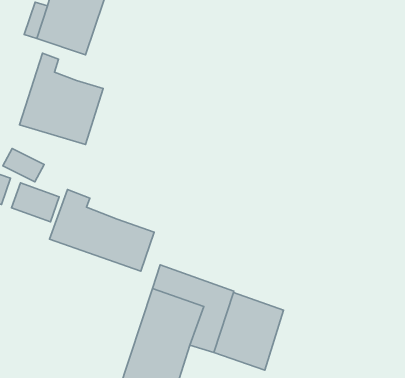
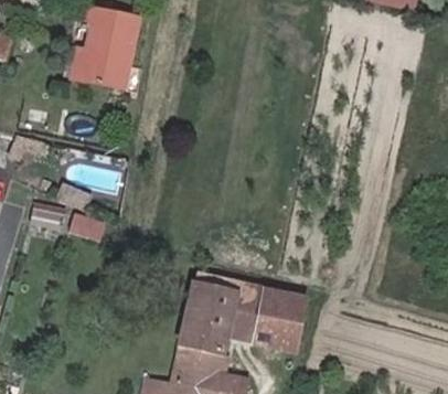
building: [20,53,103,145] -> none
building: [50,190,154,271] -> none

